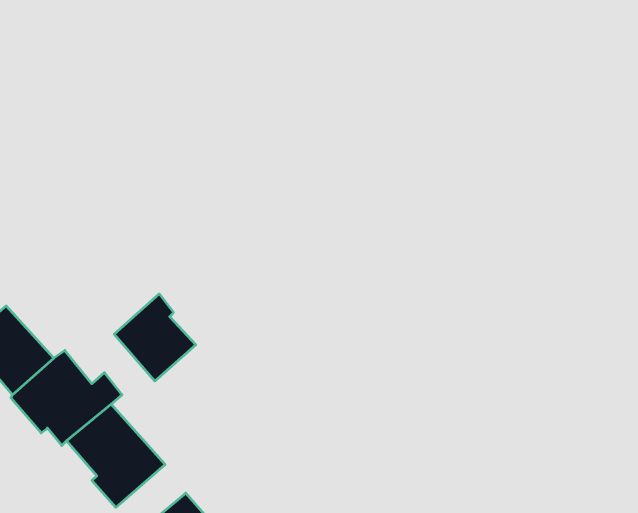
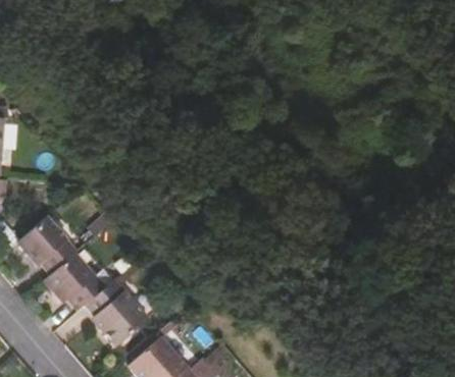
building: [114,294,196,381] -> none

